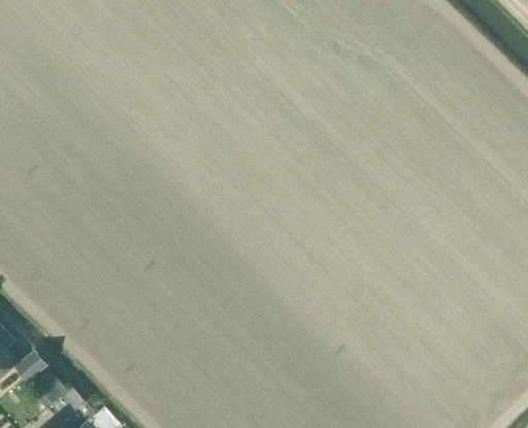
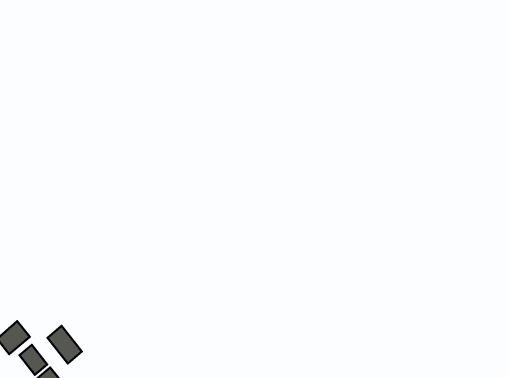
building: none -> [47,326,82,364]

